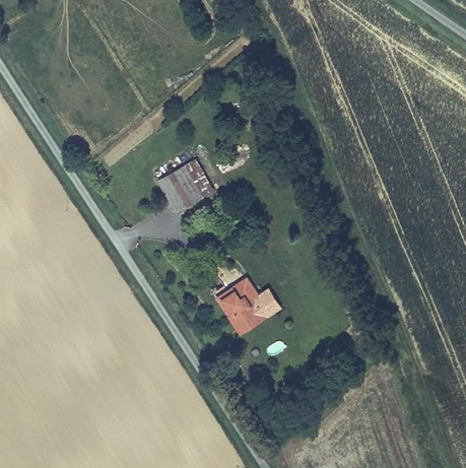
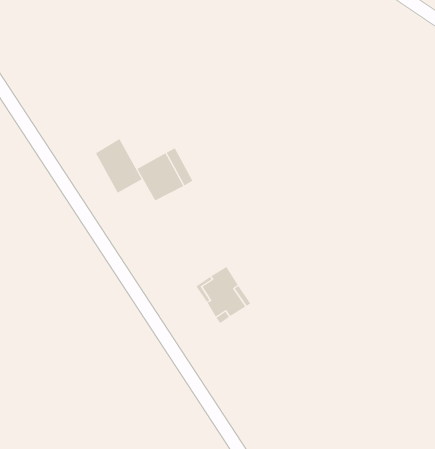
building: none -> [95,138,143,194]

